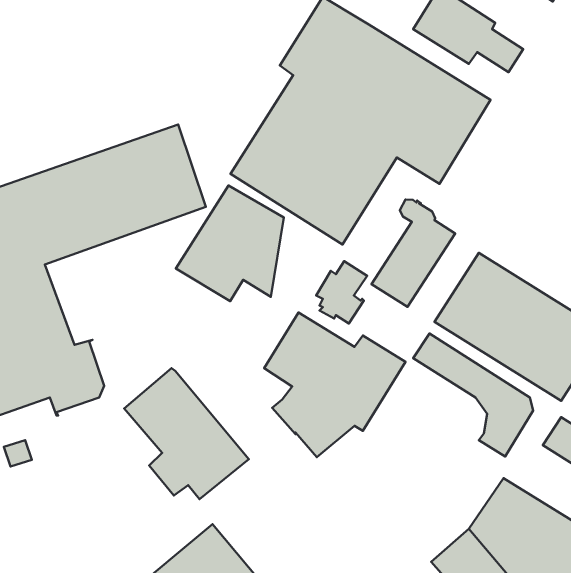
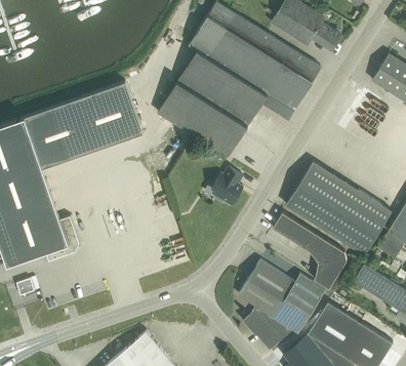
building: [176,186,284,301] -> none
building: [371,200,455,307] -> none
building: [264,312,405,457] -> [238,260,326,351]
building: [124,368,249,499] -> none

